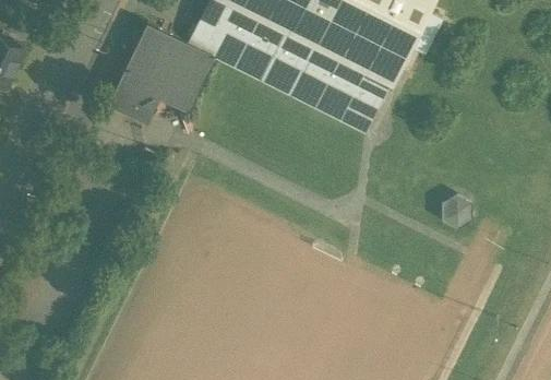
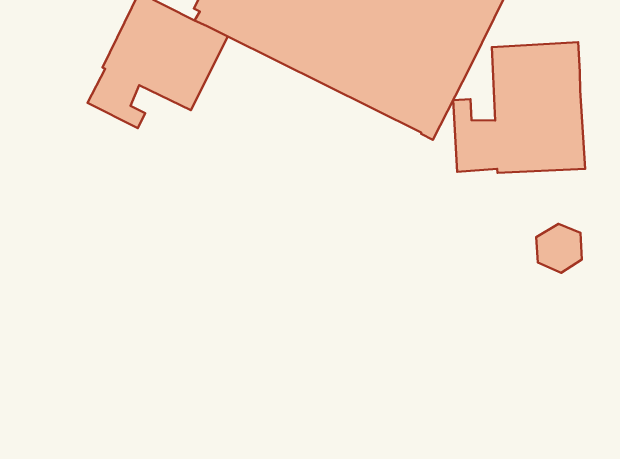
building: none -> [453,42,585,173]

